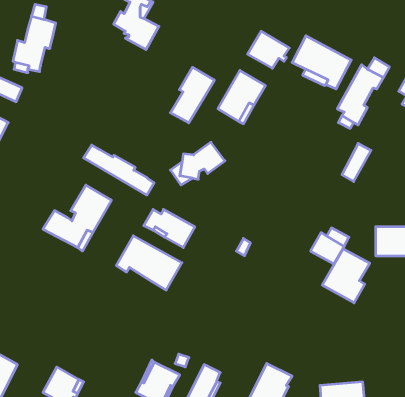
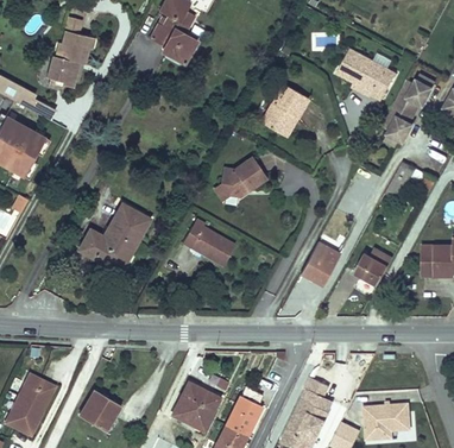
building: [248,31,289,68] -> none
building: [170,67,214,123] -> none
building: [84,145,154,195] -> none
building: none -> [301,241,340,285]
building: [116,236,182,290] -> none
building: [322,249,370,303] -> none

